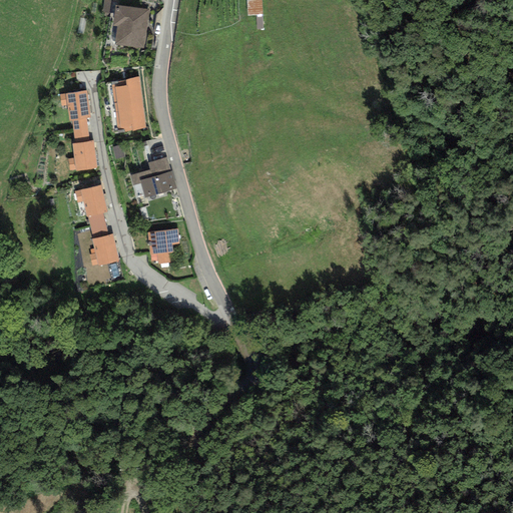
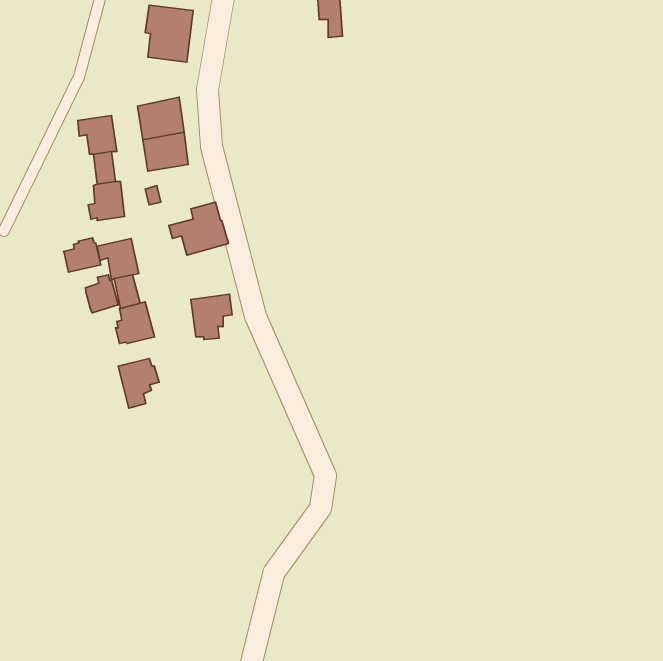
building: none -> [64,238,101,272]
building: none -> [85,275,118,313]
building: none -> [118,359,159,408]

